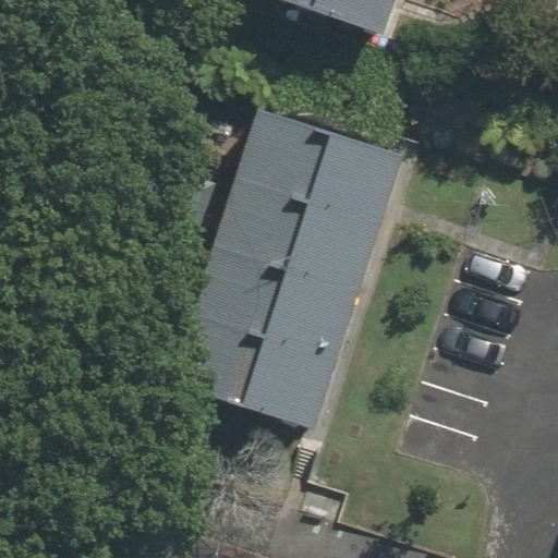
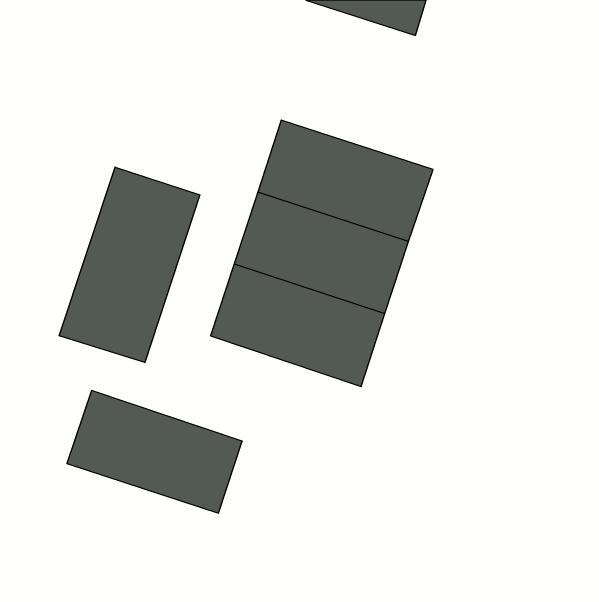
building: none -> [59,167,200,363]
building: [172,311,335,424] -> [67,391,242,513]

